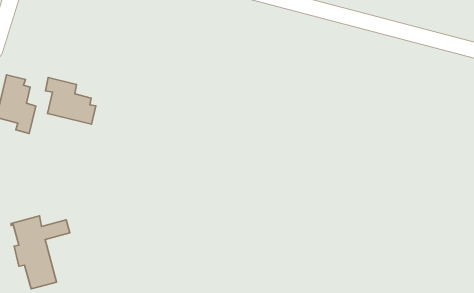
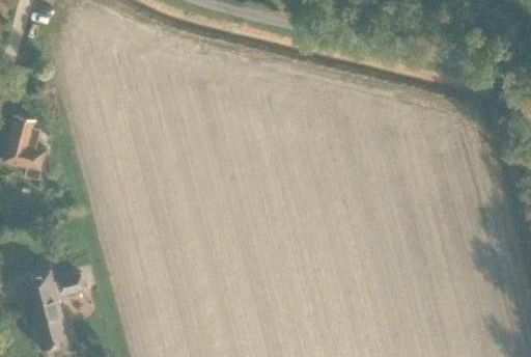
building: [46,78,96,124] -> none

